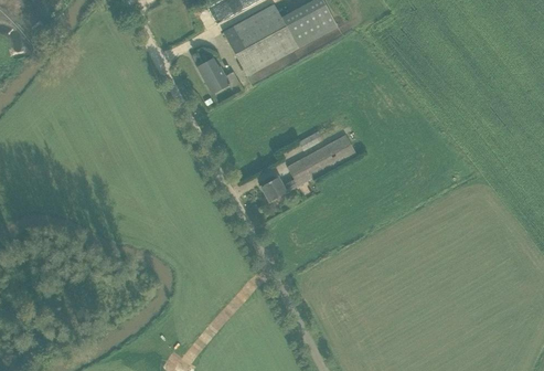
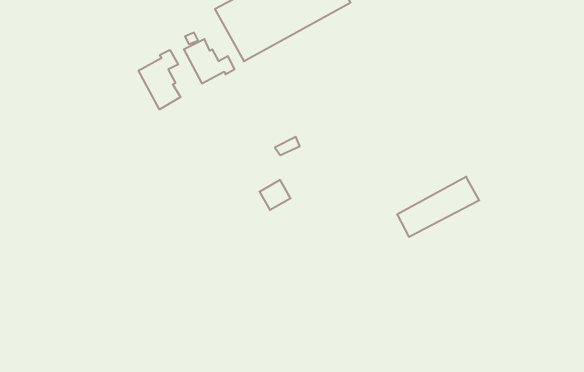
building: none -> [139,50,181,109]
building: [288,134,358,184] -> [397,177,479,237]

